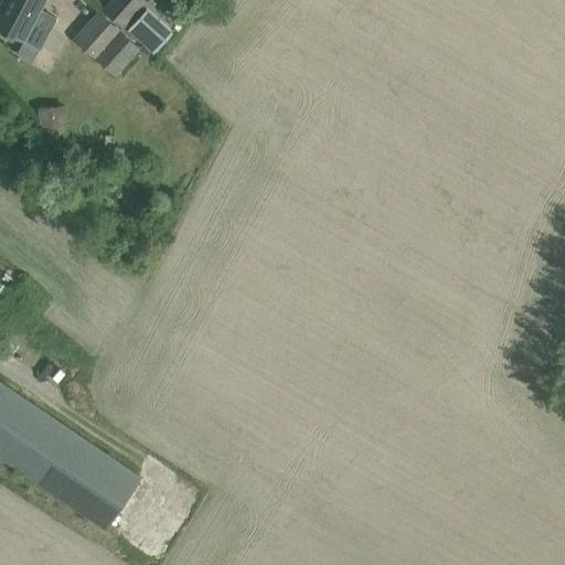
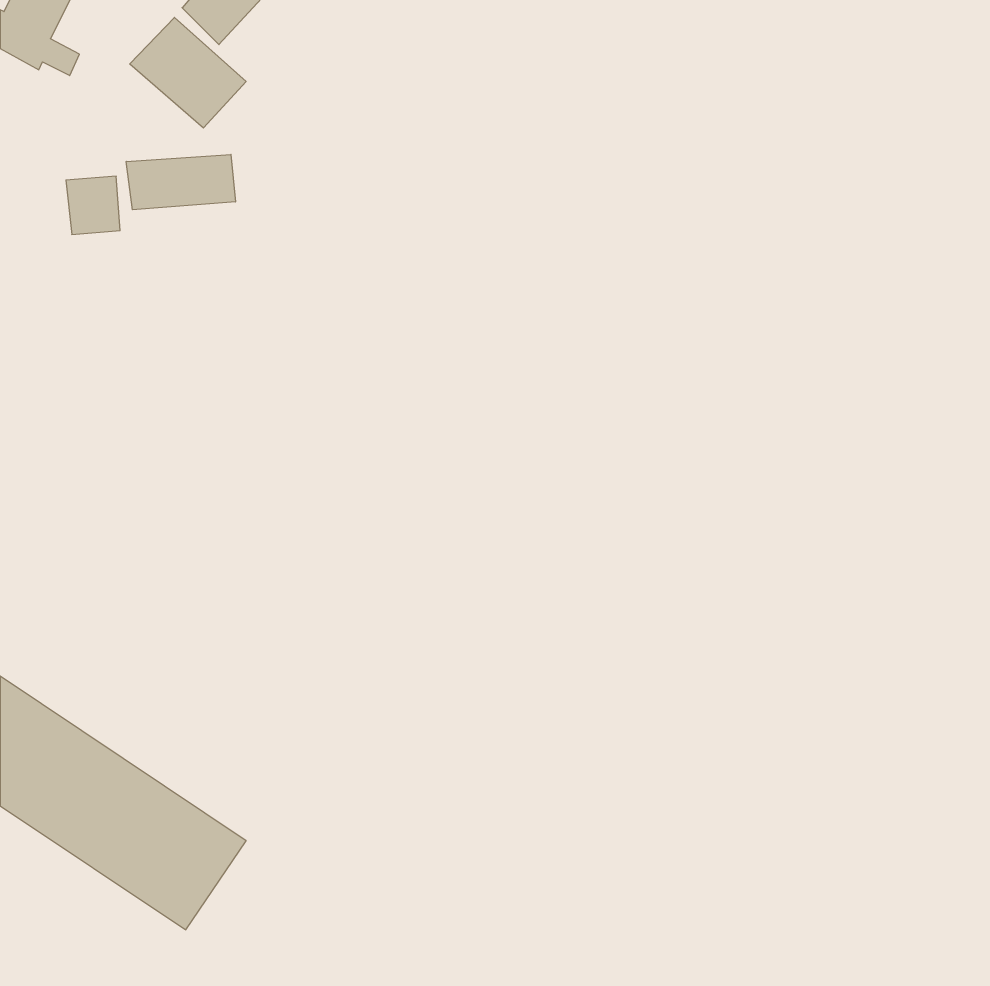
building: [127,6,172,51] -> none
building: none -> [126,154,235,210]

